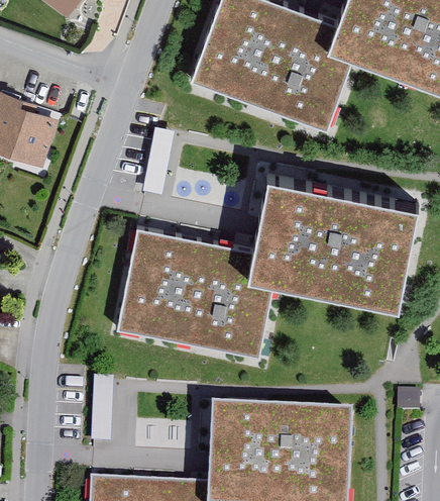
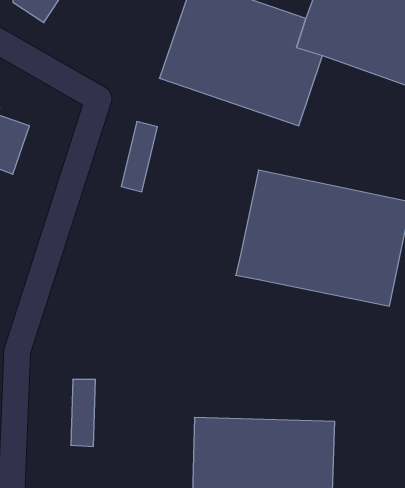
building: [115,226,278,358] -> none

